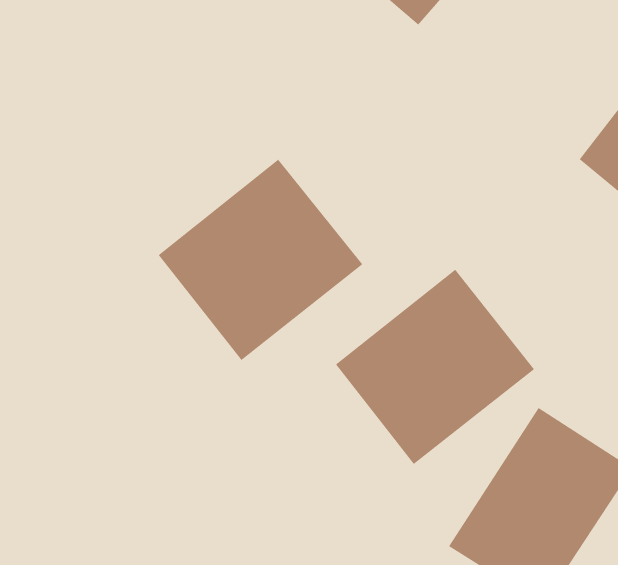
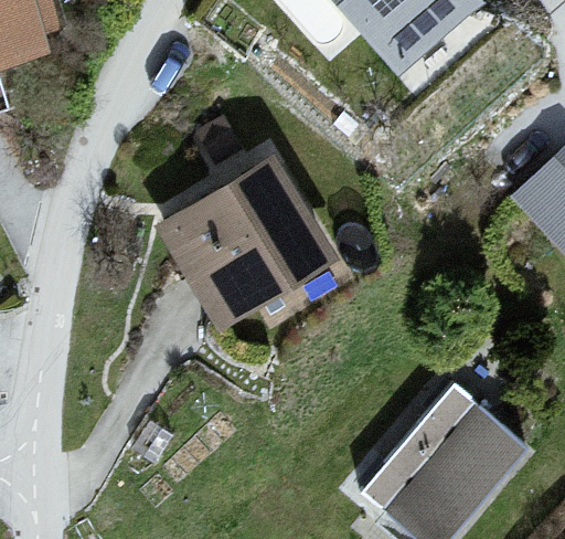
building: [335,269,535,465] -> none

